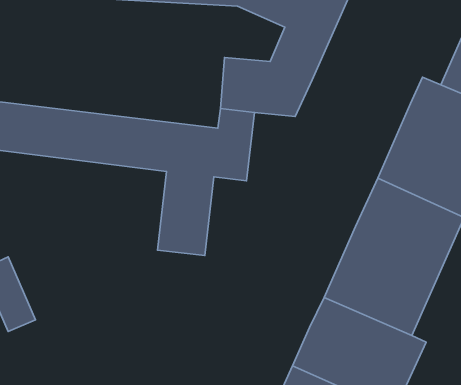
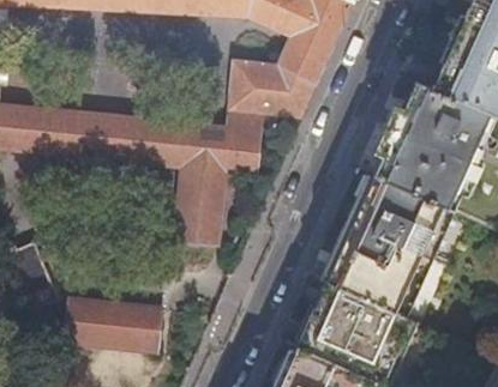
building: none -> [66,301,161,353]

